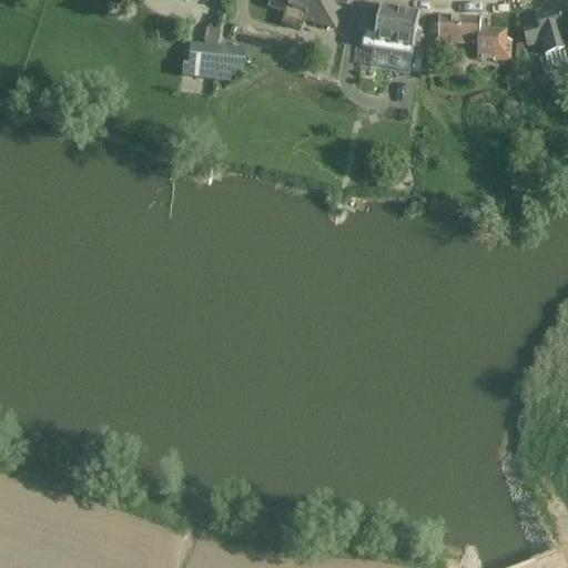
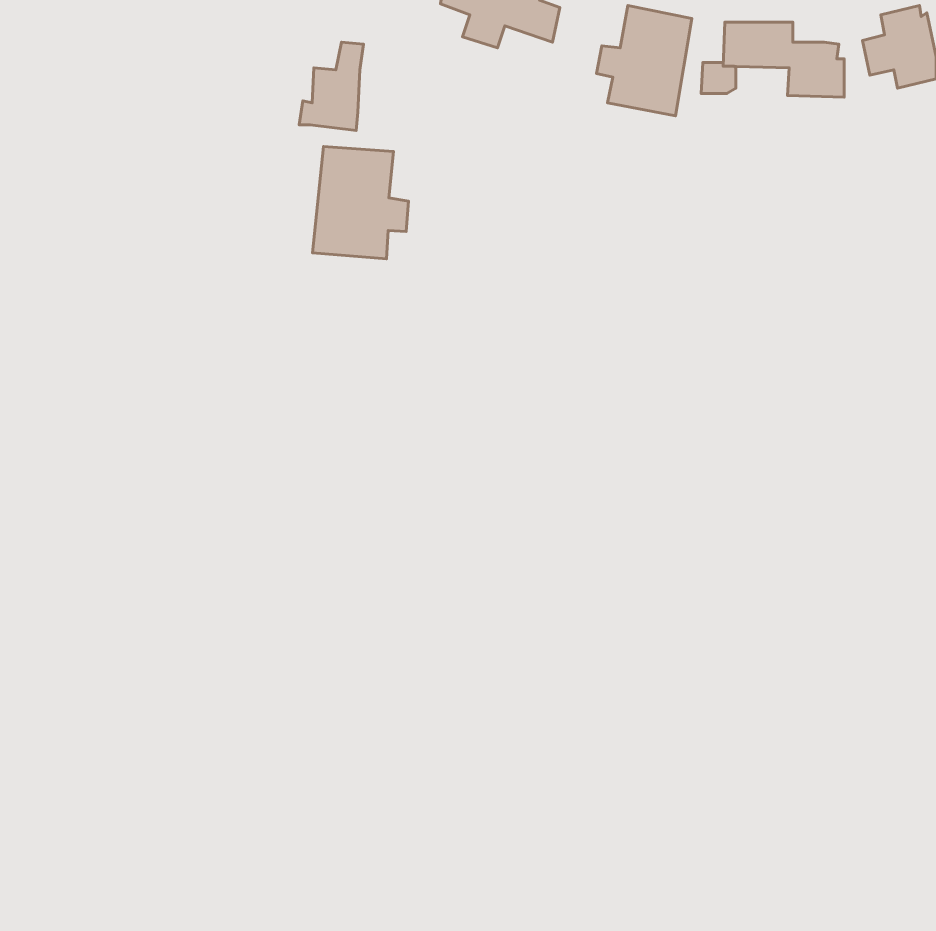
building: [216,42,243,70] -> none
building: none -> [313,147,408,259]

